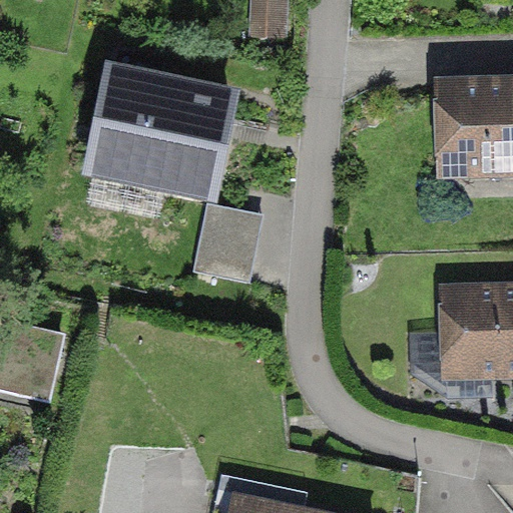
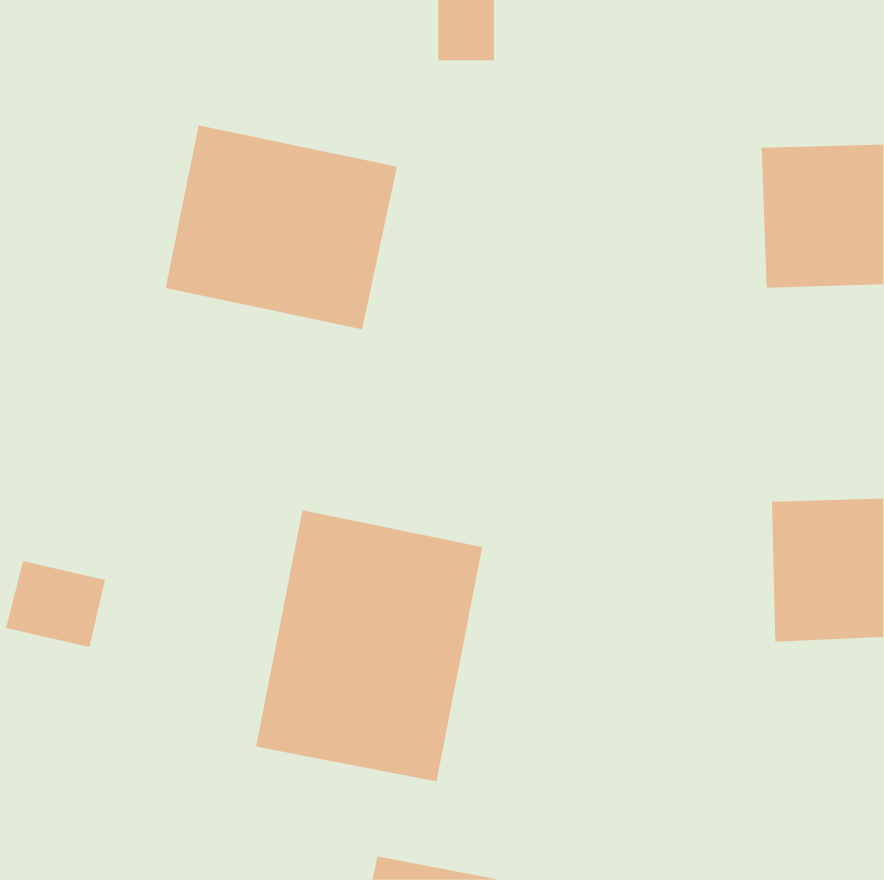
building: [195,203,262,280] -> none
building: none -> [255,510,483,782]

